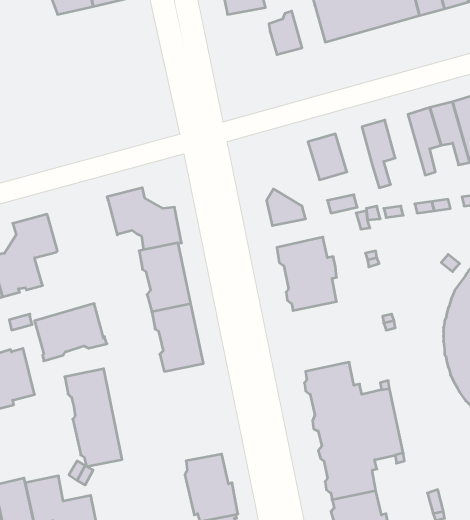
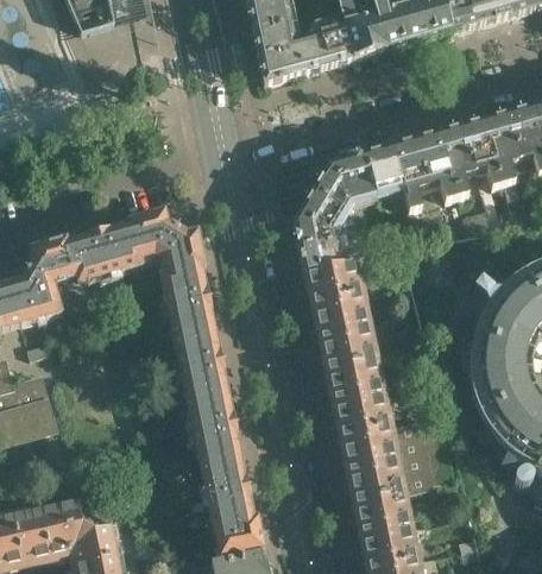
building: none -> [319,20,353,64]
building: none -> [252,23,303,83]
building: none -> [415,133,456,200]
building: none -> [364,146,402,193]
building: none -> [300,162,347,228]
building: none -> [298,240,361,271]
building: none -> [319,327,378,399]
building: [35,304,107,361] -> [67,222,141,282]
building: [65,369,122,466] -> [187,391,246,492]

